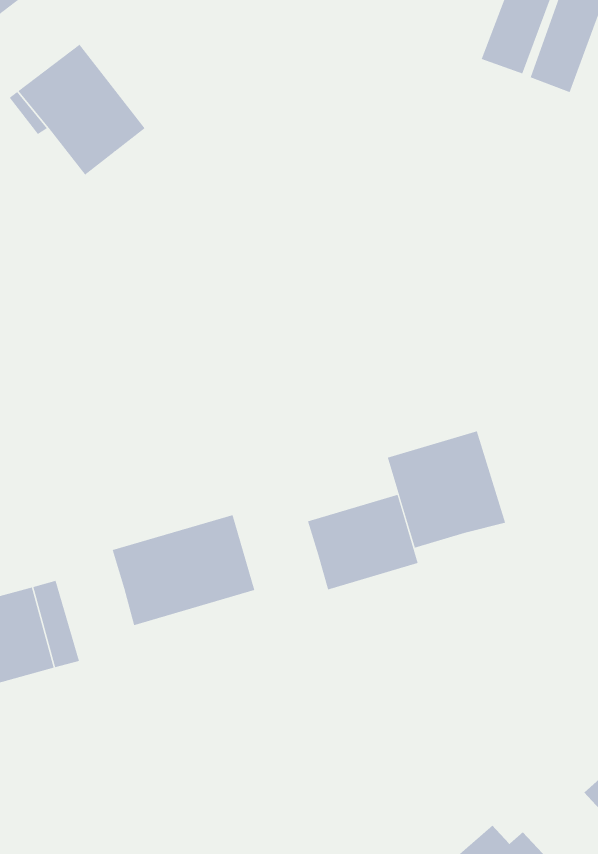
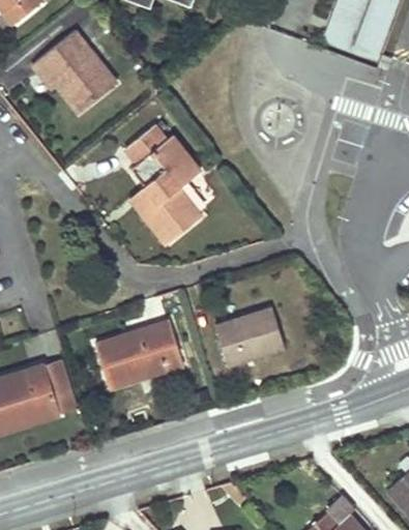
building: none -> [126,125,202,243]
building: [387,431,506,548] -> none

